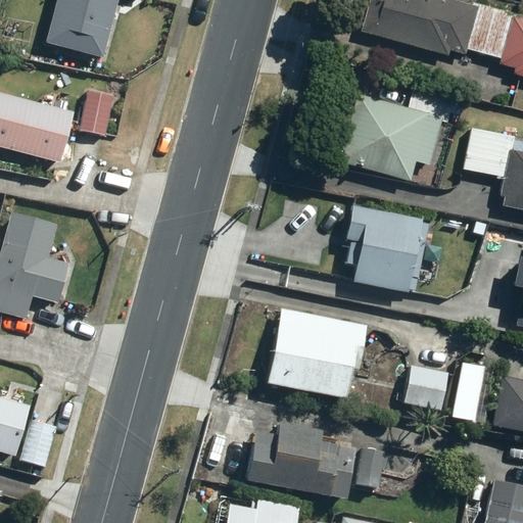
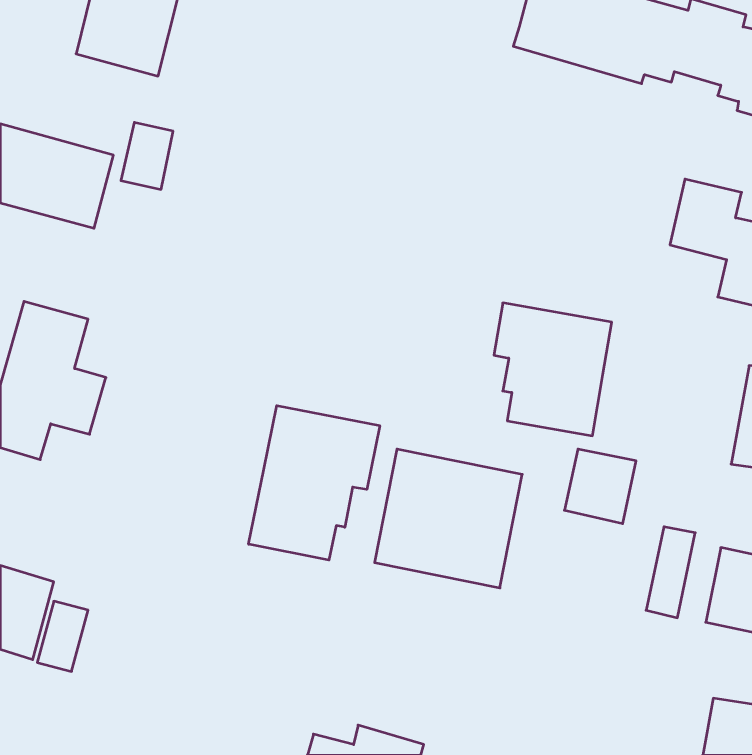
building: [317,87,455,184] -> none
building: none -> [249,406,380,560]
building: [399,363,448,414] -> [564,449,636,524]
building: [241,422,387,507] -> none

